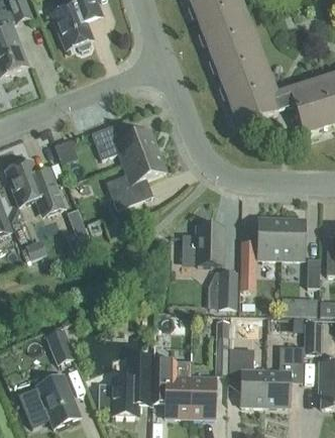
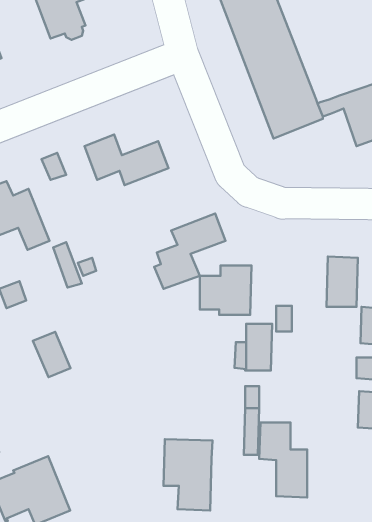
building: [110,149,165,208] -> [154,214,226,289]
building: [257,218,282,257] -> none
building: [45,328,75,363] -> [33,332,71,377]
building: [265,345,303,406] -> none
building: [98,360,153,415] -> none
building: [190,375,216,417] -> none

